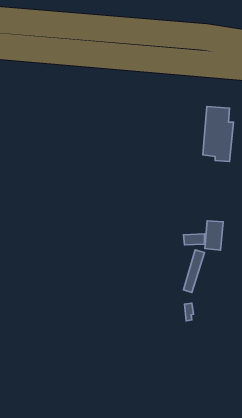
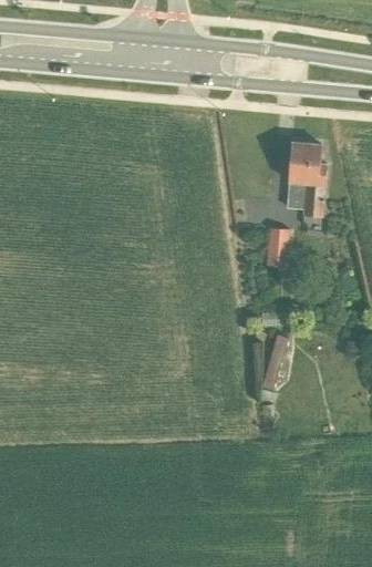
building: [205,221,223,250] -> [265,228,289,267]

